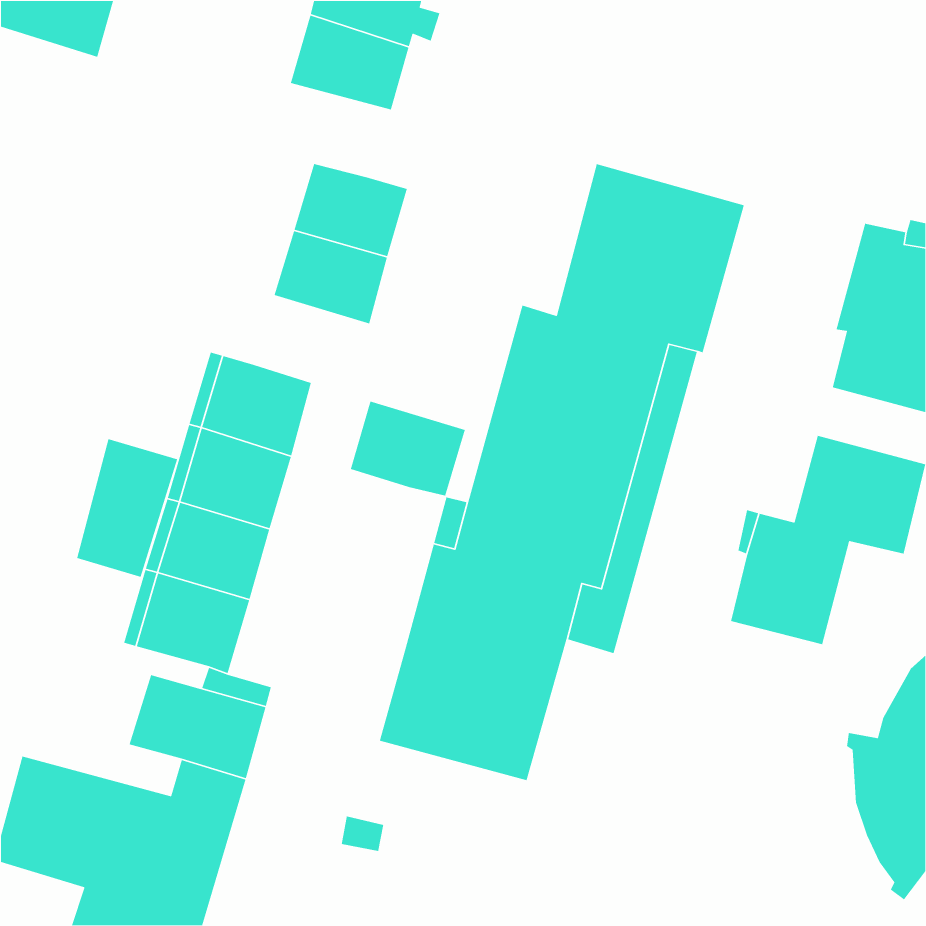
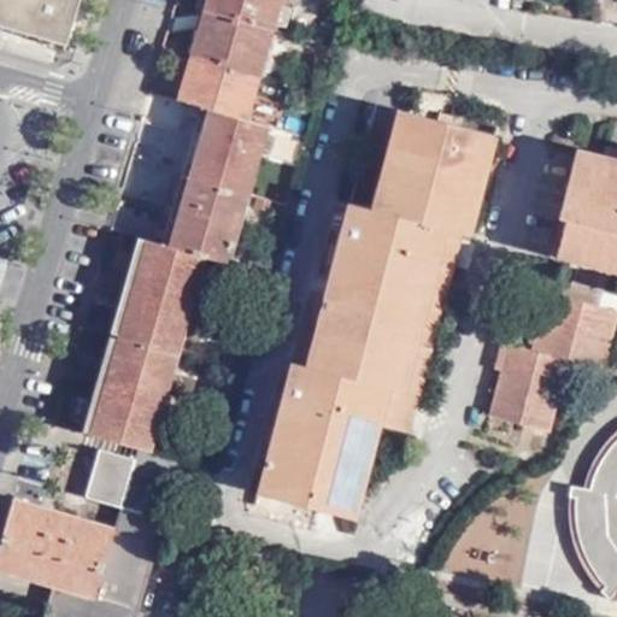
building: none -> [181,55,260,118]
building: [350,400,466,497] -> [169,196,246,260]
building: [76,438,178,578] -> none

